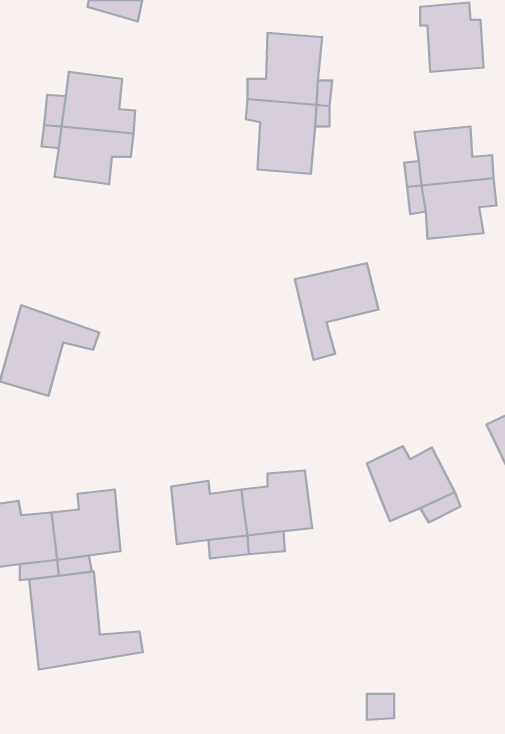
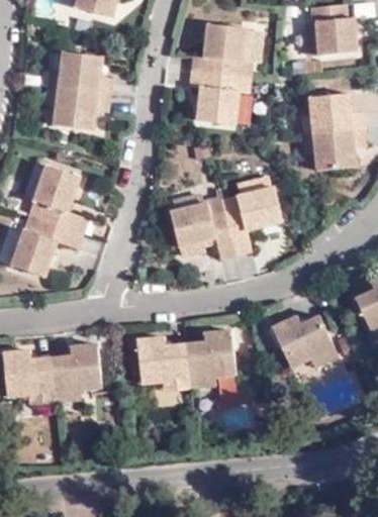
building: none -> [31,166,90,234]
building: none -> [170,197,237,256]
building: [29,571,143,670] -> none

